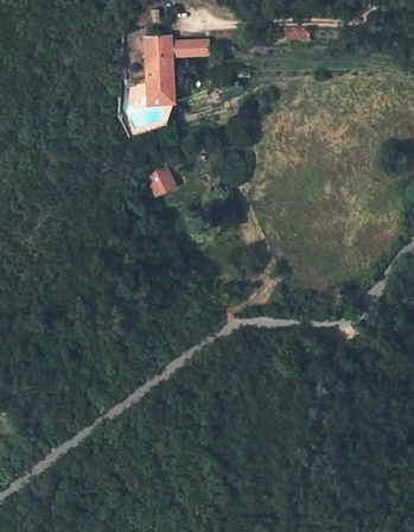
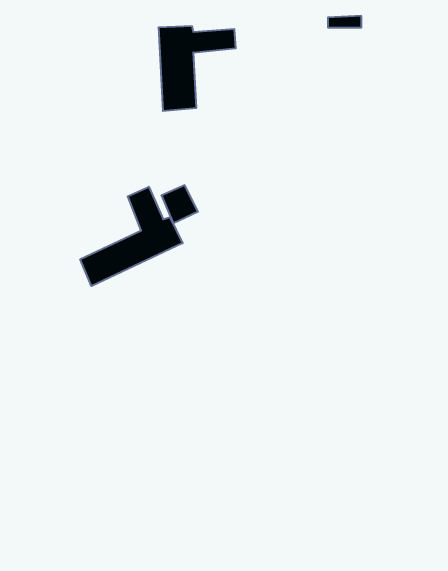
building: none -> [80,187,183,286]

